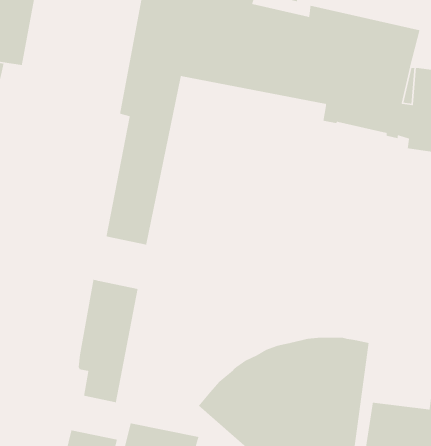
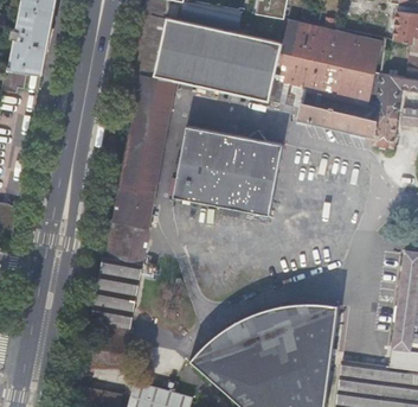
building: none -> [173,127,283,214]
building: none -> [107,220,148,263]

